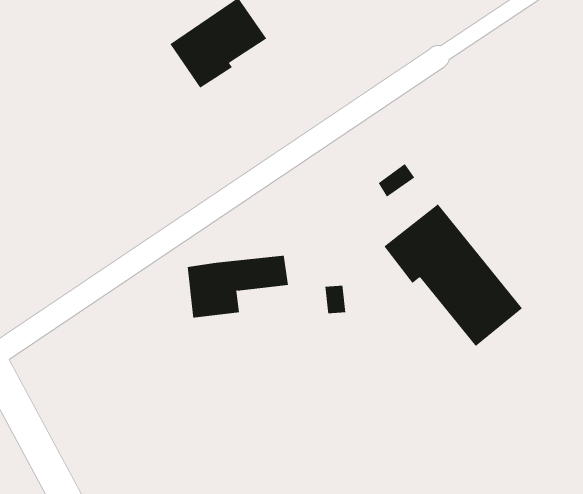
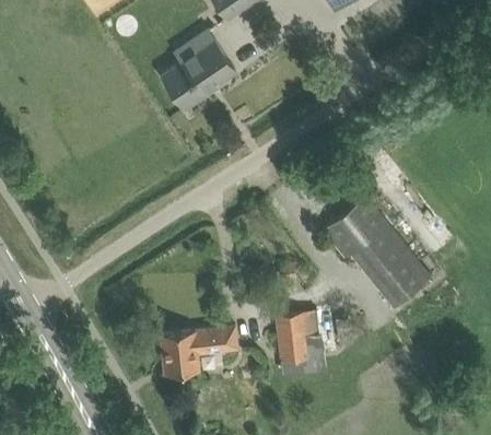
building: [187,255,289,318] -> [161,327,238,375]
building: none -> [276,310,322,362]

